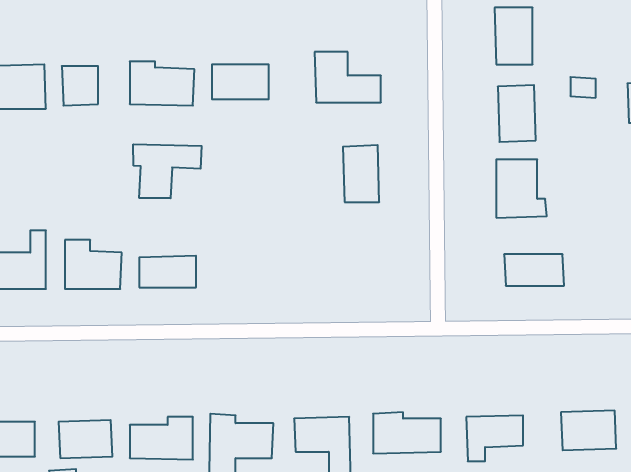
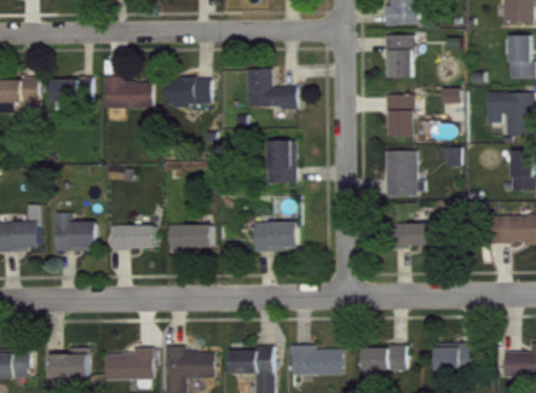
building: [133,144,202,198] -> none
building: none -> [254,221,298,250]
building: none -> [168,225,212,250]

